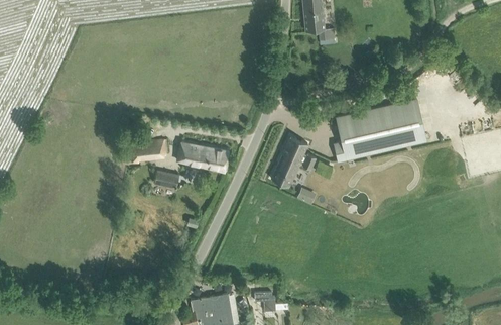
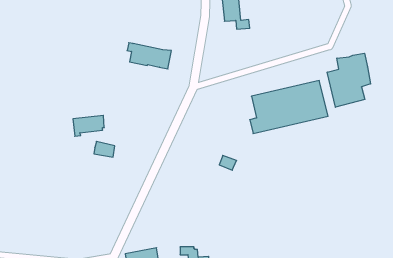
building: none -> [327,53,371,107]
building: [270,135,316,187] -> none
building: [177,141,229,172] -> [127,43,171,69]

